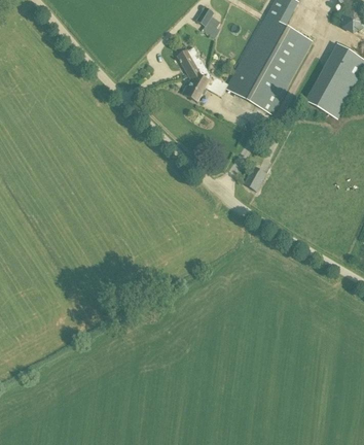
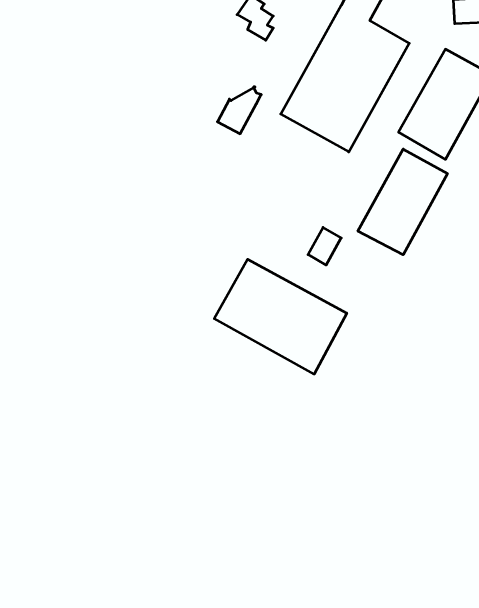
building: [176,46,207,78] -> none
building: none -> [358,149,447,255]
building: none -> [214,259,347,374]

